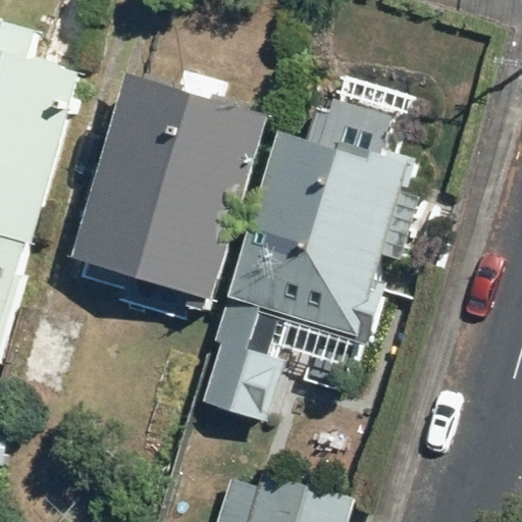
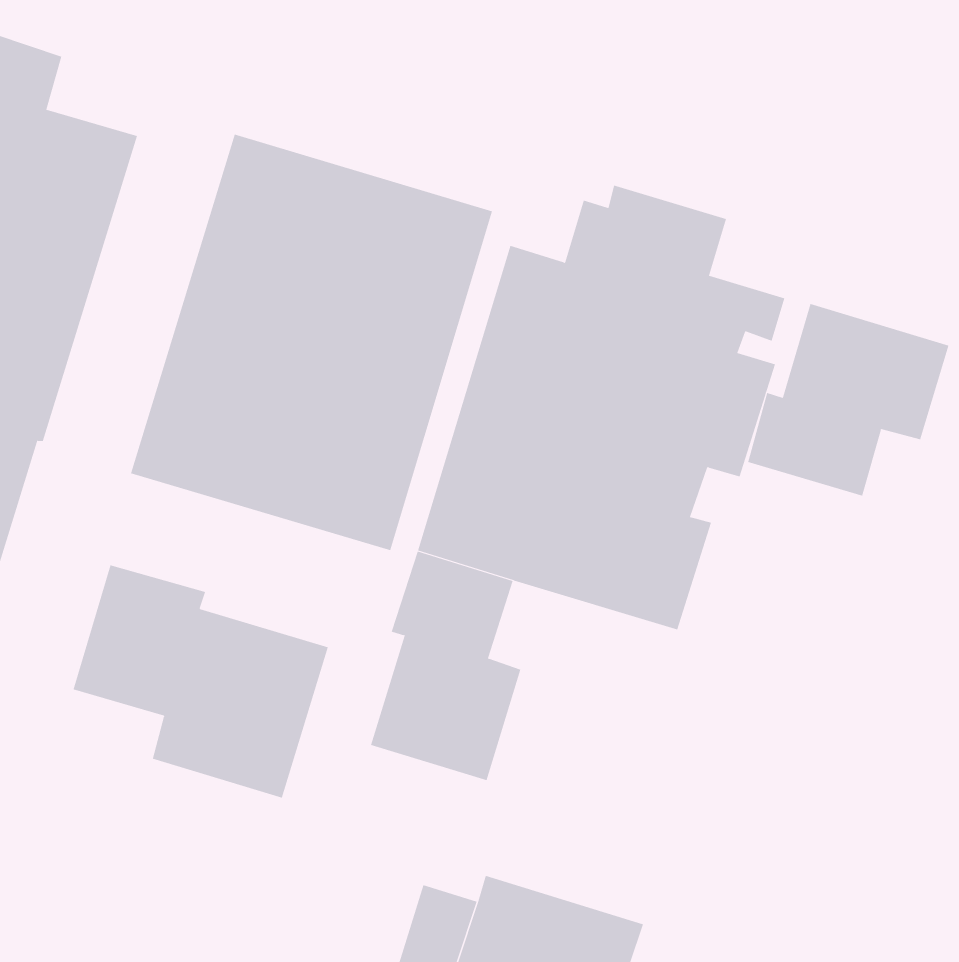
building: none -> [748,303,949,496]
building: none -> [73,564,328,799]

